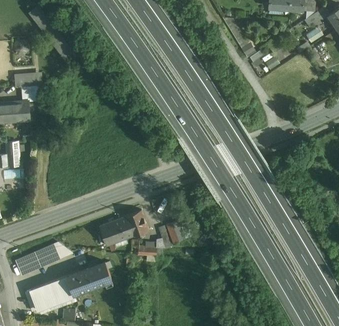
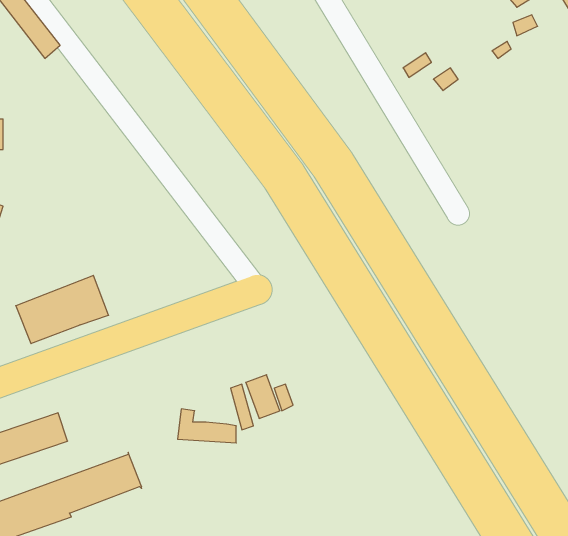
building: [99,209,148,245] -> [16,275,109,344]

